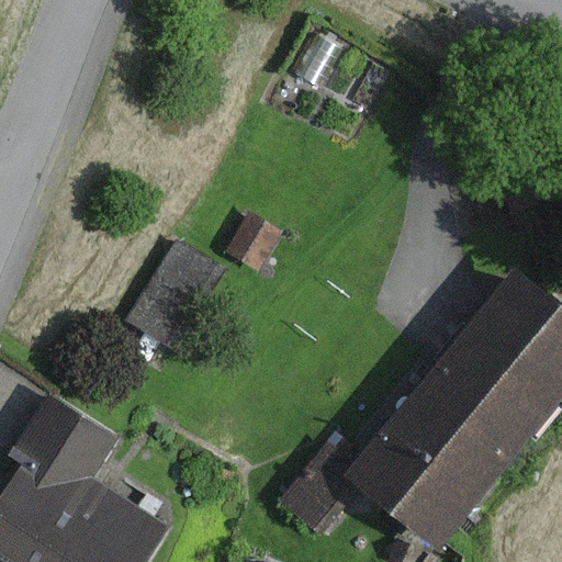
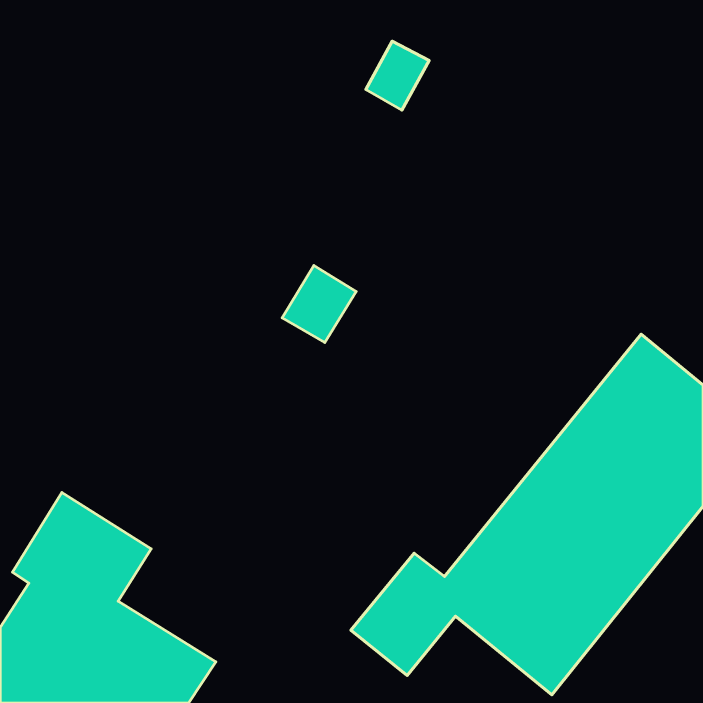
building: [126,240,227,353] -> none

